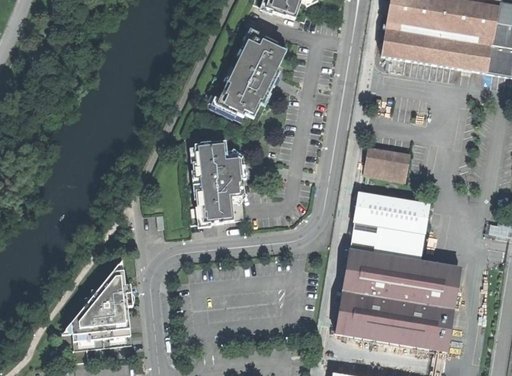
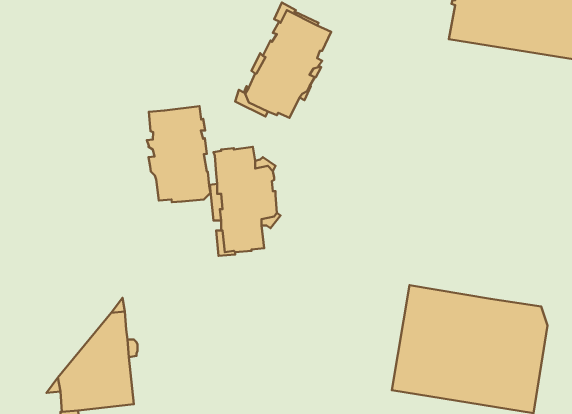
building: none -> [147,106,211,202]
building: [364,147,409,180] -> none
building: [350,191,423,260] -> none

